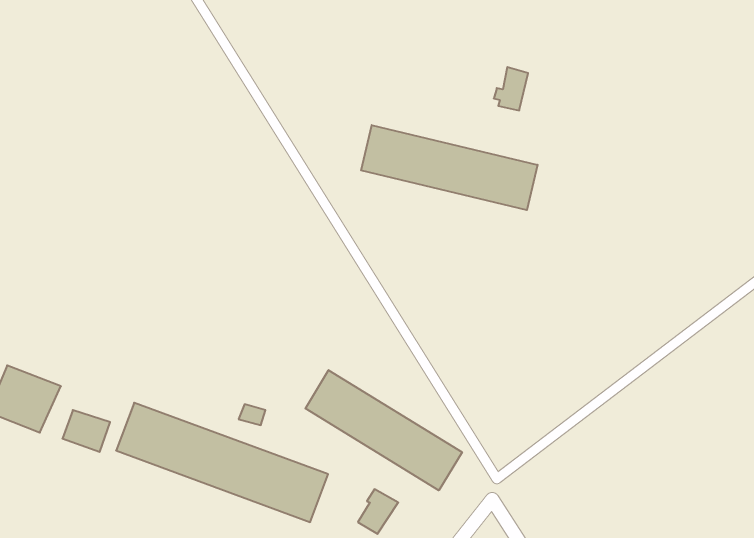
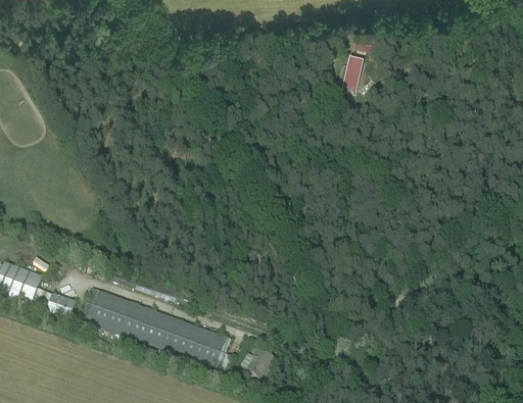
building: [361,125,538,210] -> none
building: [305,370,462,490] -> none

